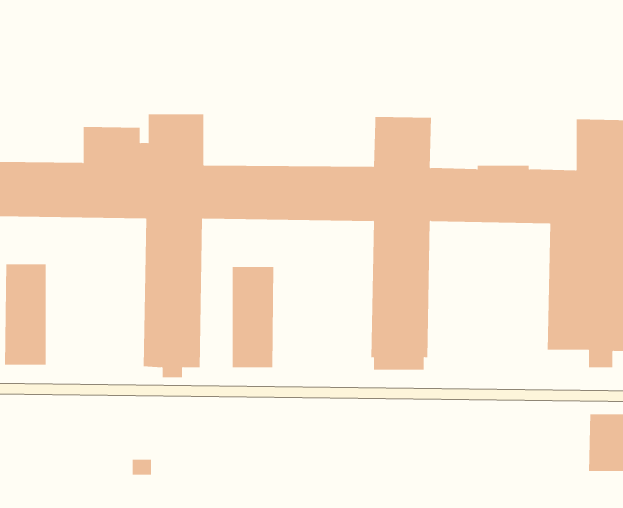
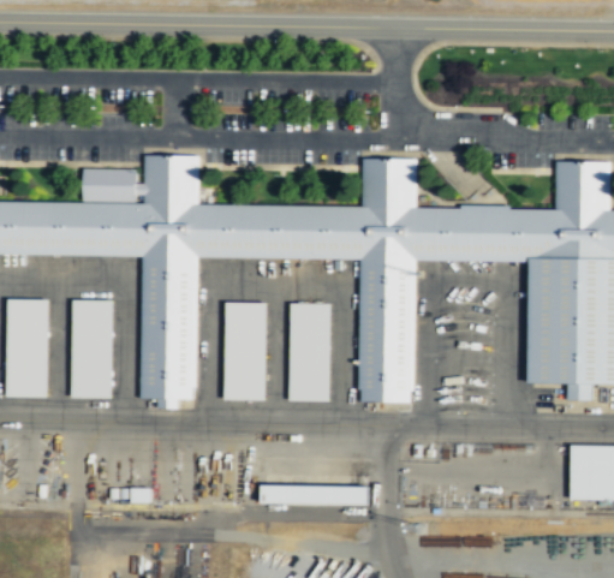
building: none -> [71,300,112,399]
building: none -> [288,303,329,401]
building: none -> [258,484,366,505]

